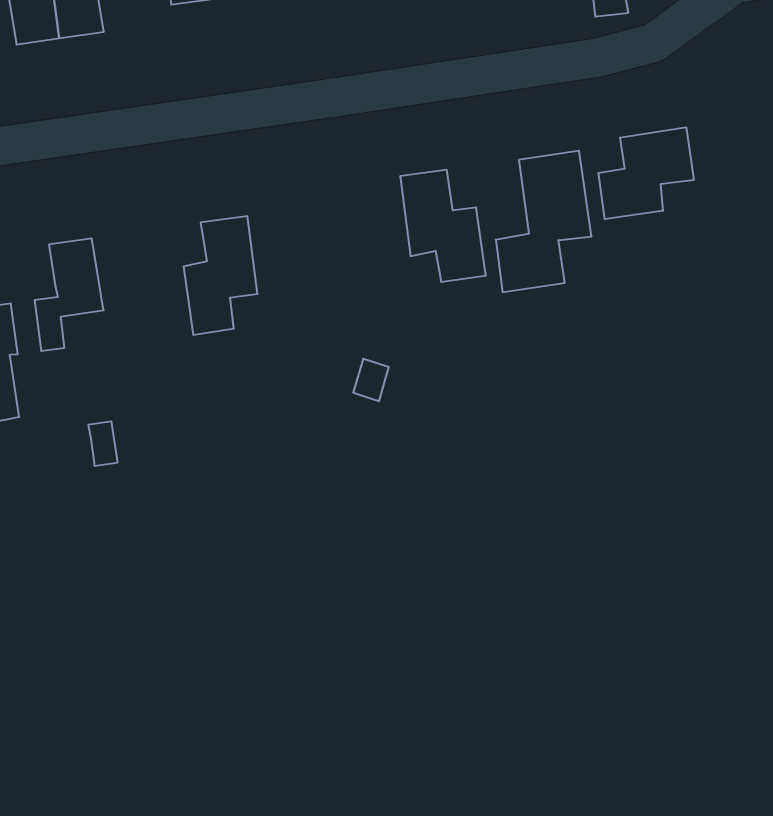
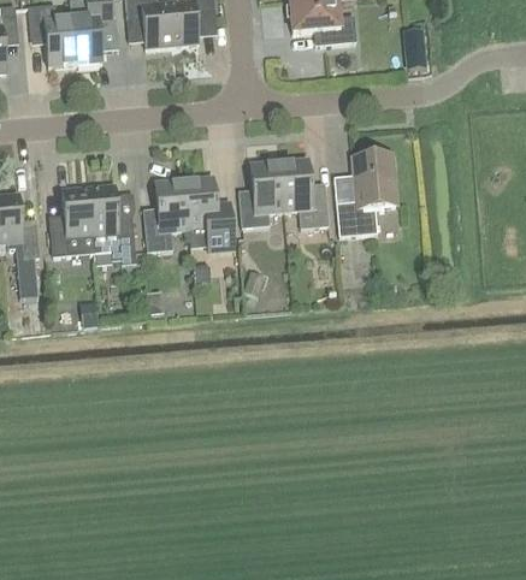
building: [599,127,694,219] -> none
building: none -> [238,161,283,227]
building: none -> [184,177,234,249]
building: none -> [88,187,136,265]

